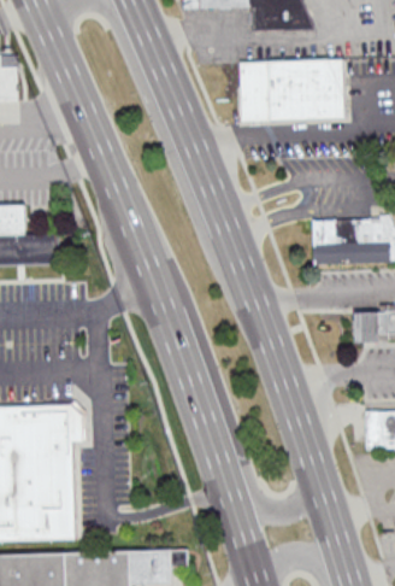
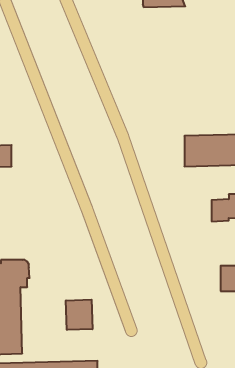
building: [240,58,344,122] -> none
building: none -> [66,300,92,330]

